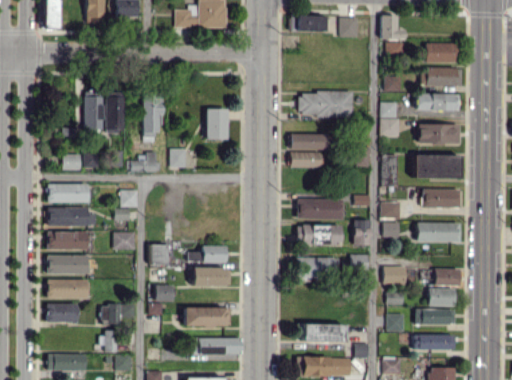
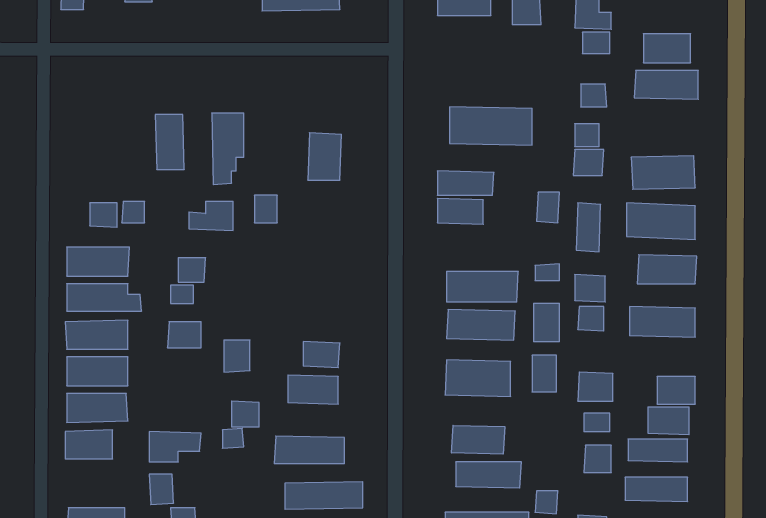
building: [417,93,460,111] -> none
building: [84,96,103,130] -> none
building: none -> [452,425,505,454]

